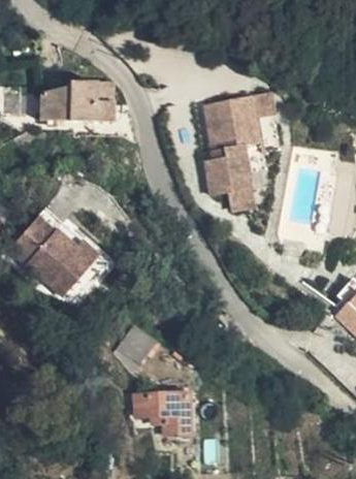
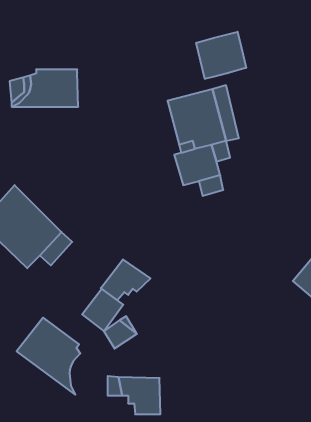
building: none -> [196,32,246,79]
building: none -> [101,259,150,300]
building: none -> [17,318,80,395]

